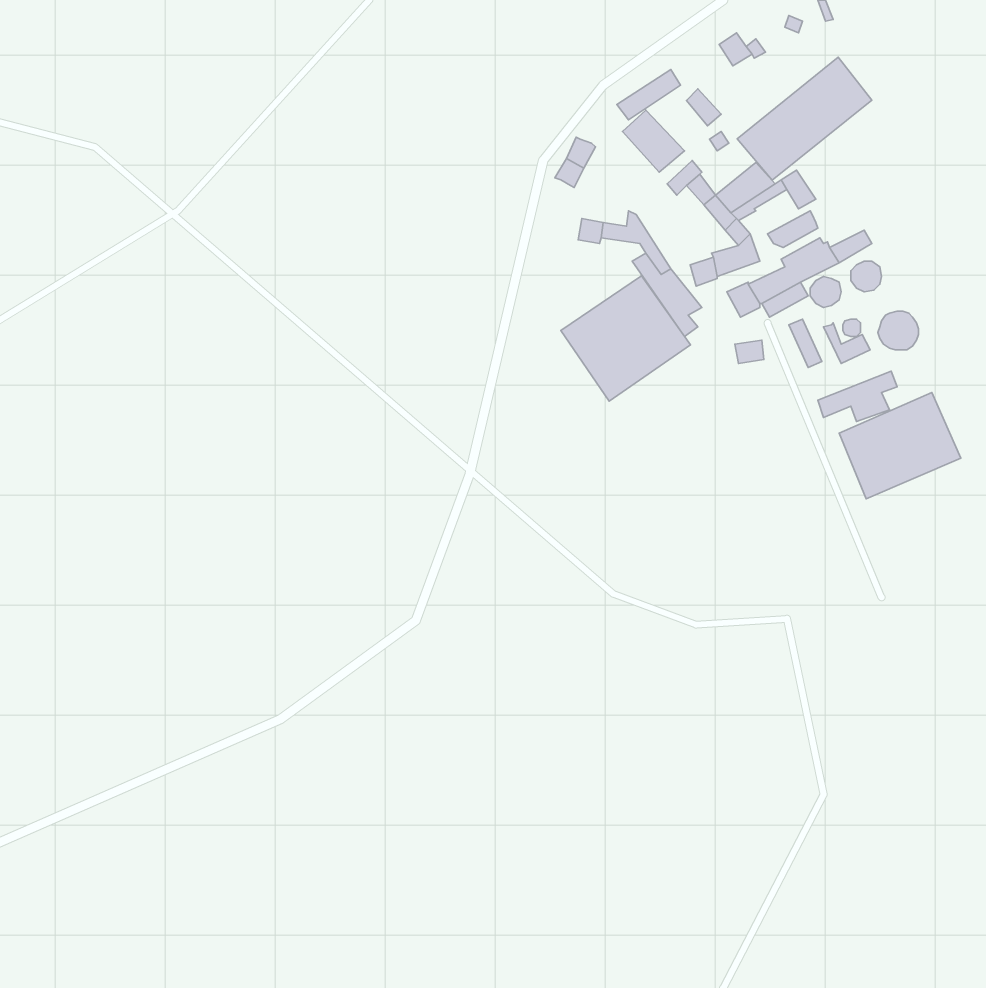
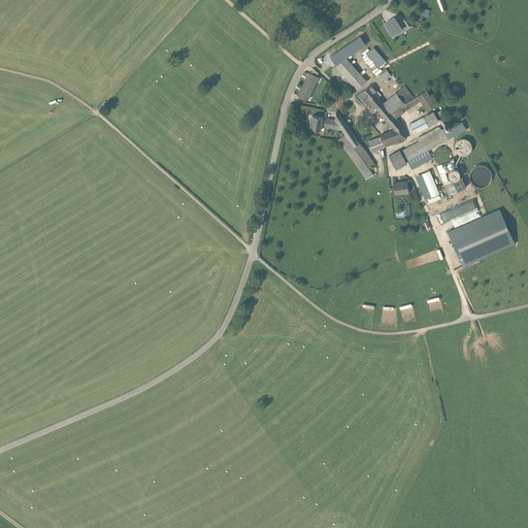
building: [737,57,872,180] -> none
building: [561,276,690,401] -> none

